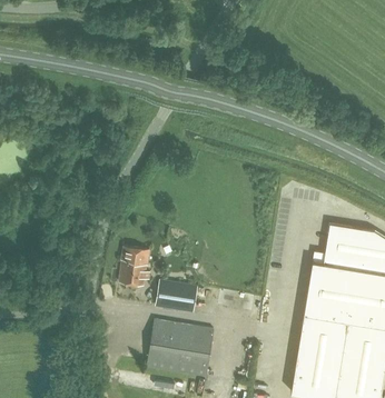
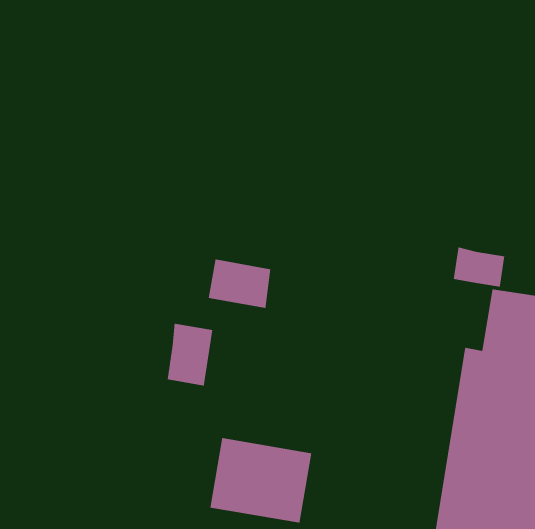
building: none -> [453,247,505,287]
building: [156,281,197,314] -> [208,259,271,309]

